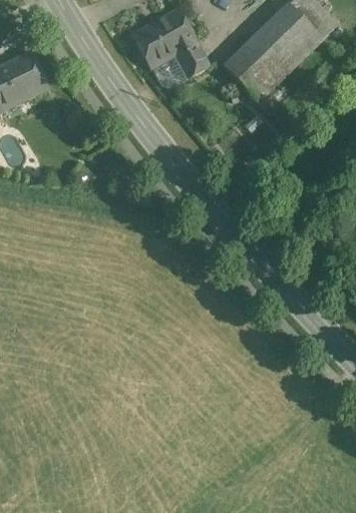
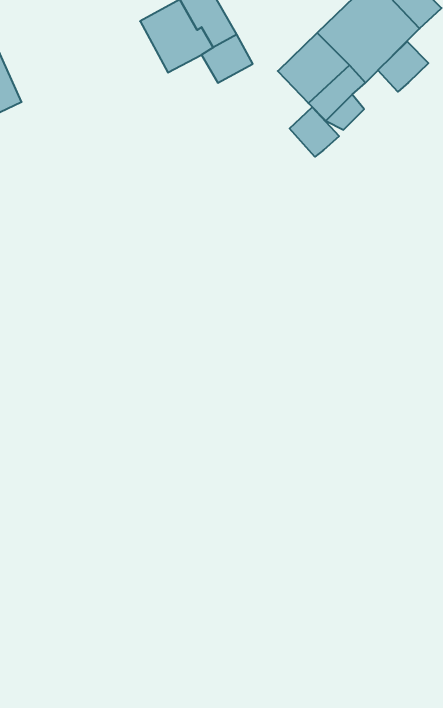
building: none -> [378,41,428,92]
building: [149,55,184,83] -> none
building: none -> [290,107,339,157]

